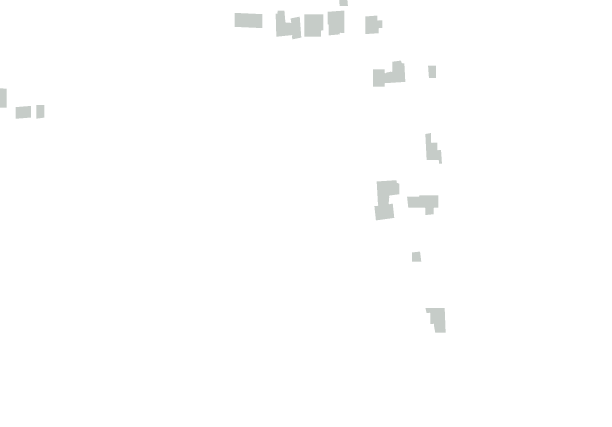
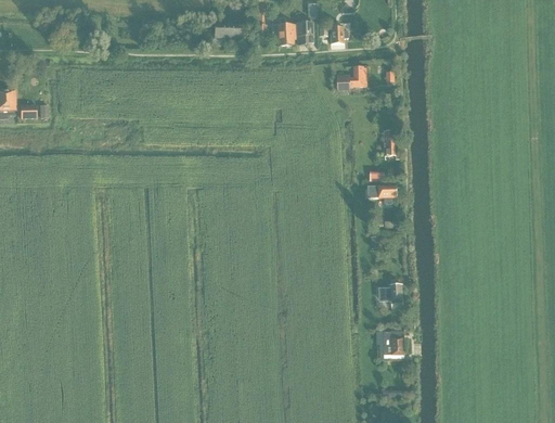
building: [275,10,302,40] -> none
building: [374,179,400,221] -> none
building: none -> [382,329,403,354]

